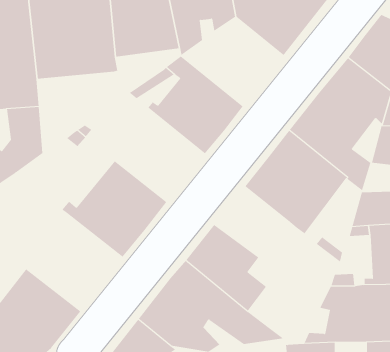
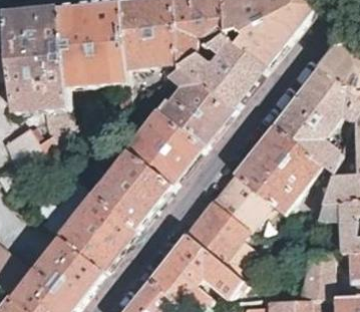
building: none -> [184,31,268,104]
building: none -> [125,105,204,183]
building: none -> [211,170,271,228]
building: none -> [52,192,136,272]

